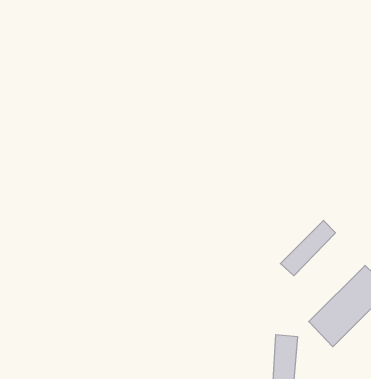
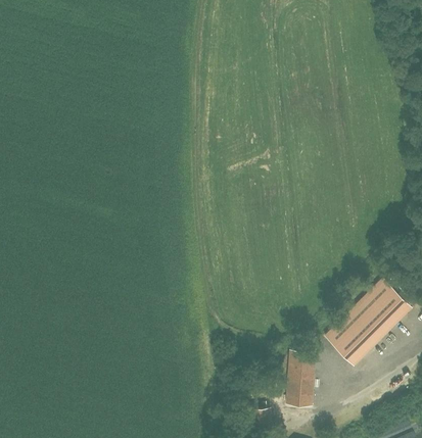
building: [280,220,335,276] -> none

